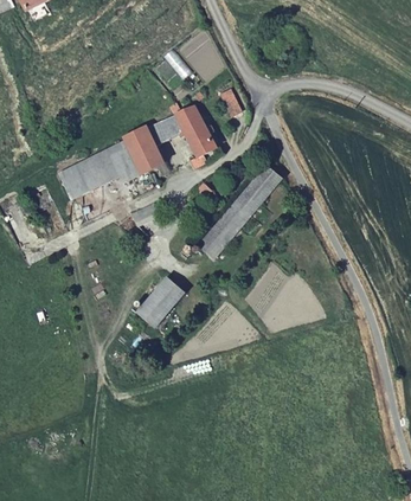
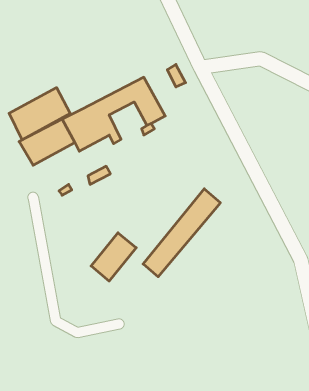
building: none -> [9,88,70,140]
building: [197,161,282,258] -> [143,189,220,277]

